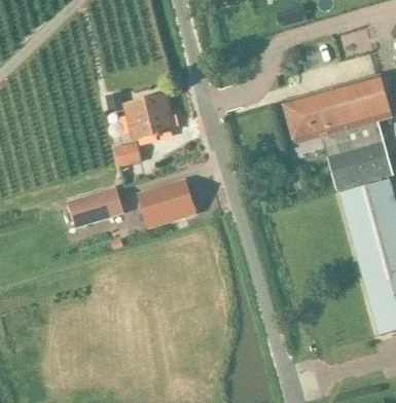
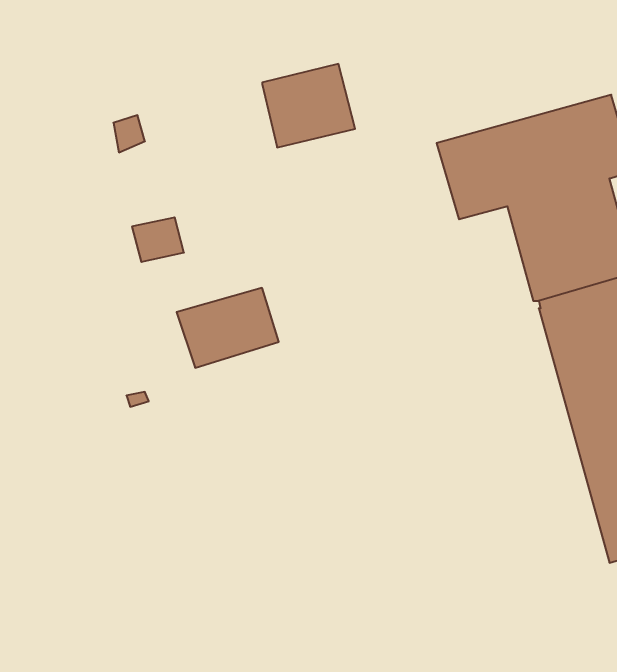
building: [124,94,176,140] -> [262,64,355,147]
building: [67,188,124,229] -> none

